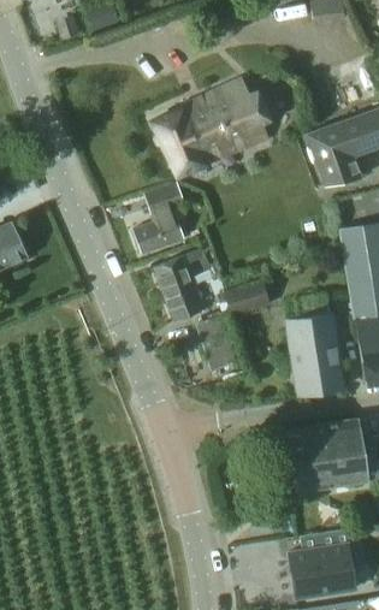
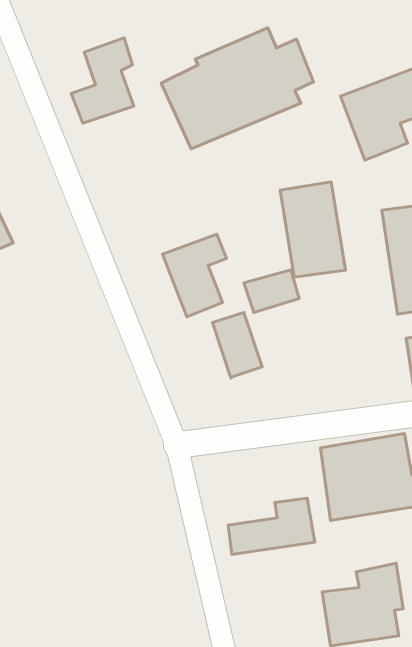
building: [131,180,184,253] -> [71,38,134,123]
building: [286,313,342,393] -> [280,182,346,277]
building: none -> [228,498,315,554]

